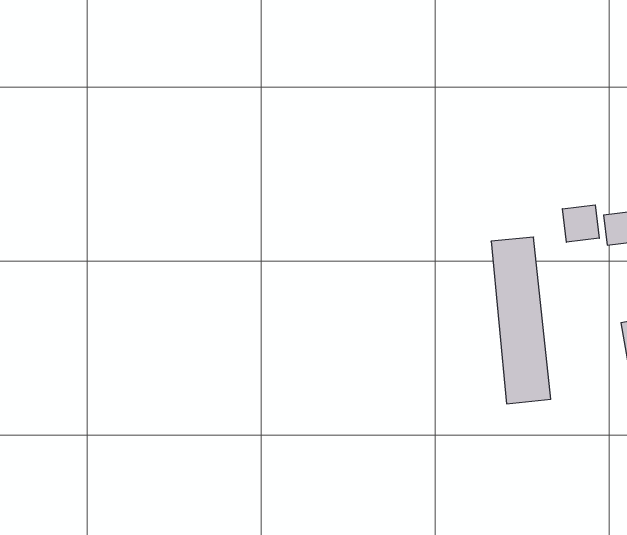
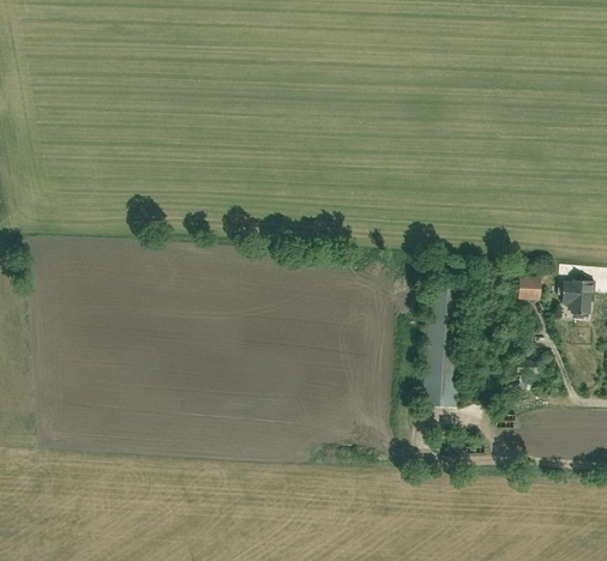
building: [562,205,599,242] -> none

